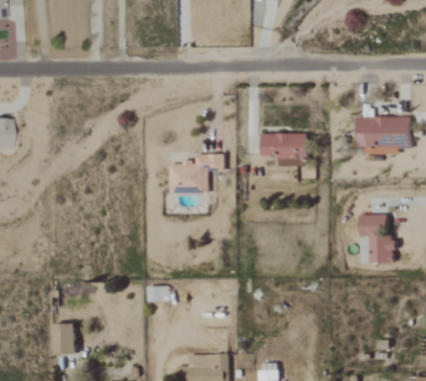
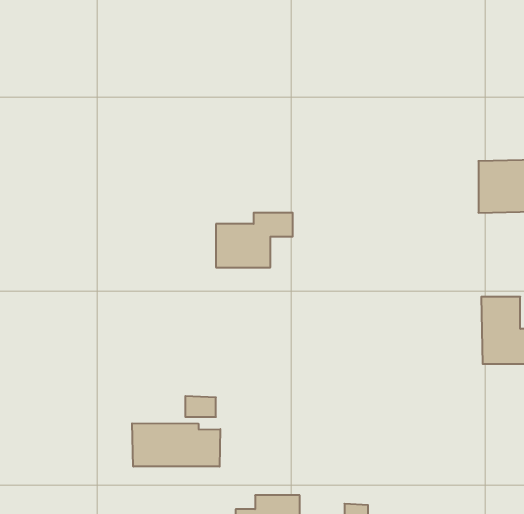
building: [261,132,306,158] -> none
building: none -> [132,423,220,467]
building: [53,324,75,354] -> none

